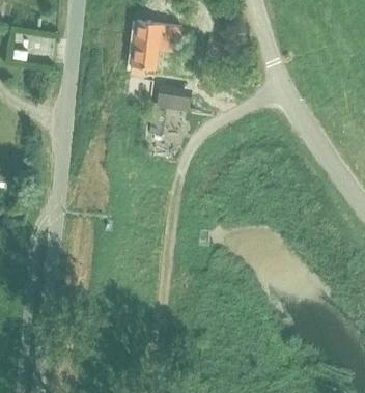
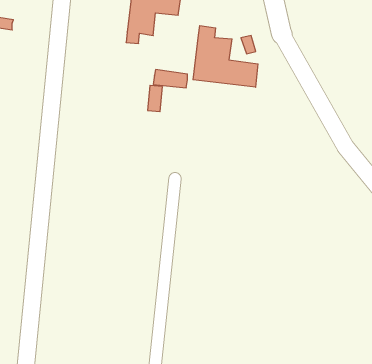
building: none -> [193,26,258,87]

